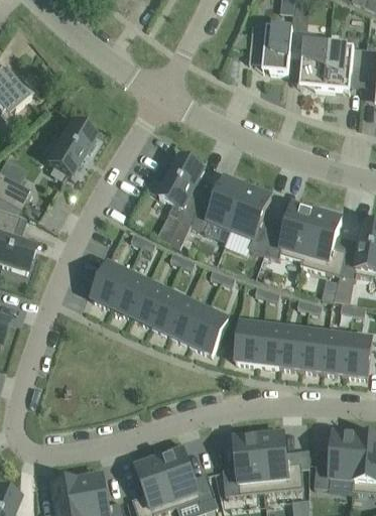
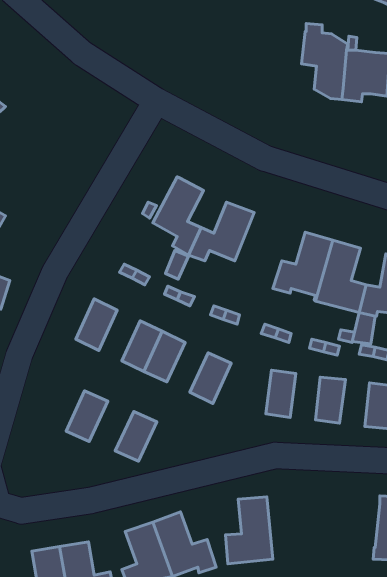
building: [250,24,293,73] -> none
building: [48,120,97,175] -> none
building: [232,186,273,253] -> none
building: [113,272,149,316] -> [66,391,108,442]
building: [172,300,209,344] -> [115,412,157,461]
building: [236,322,264,363] -> none
building: [280,328,306,368] -> none
building: [324,333,350,374] -> none
building: [260,432,304,490] -> none
building: [315,432,359,488] -> none

